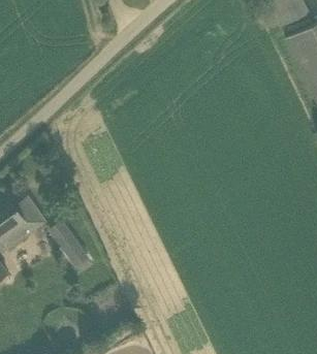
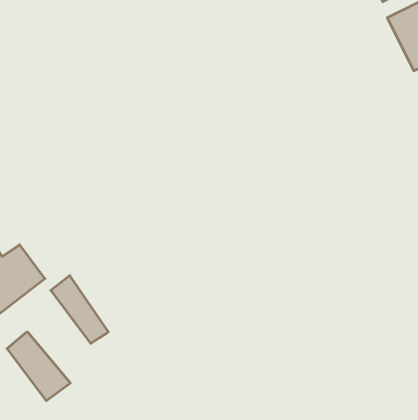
building: none -> [7,332,70,401]

